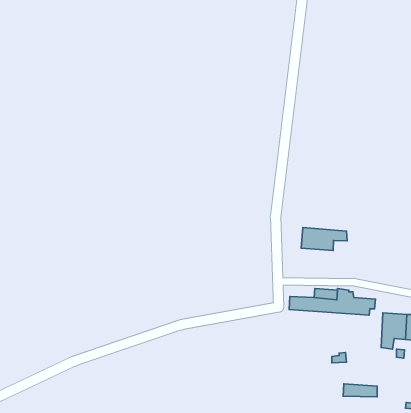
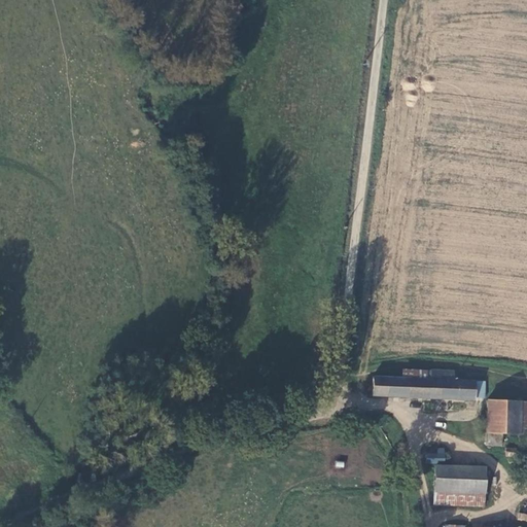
building: [301,227,347,250] -> none
building: none -> [441,467,484,492]

